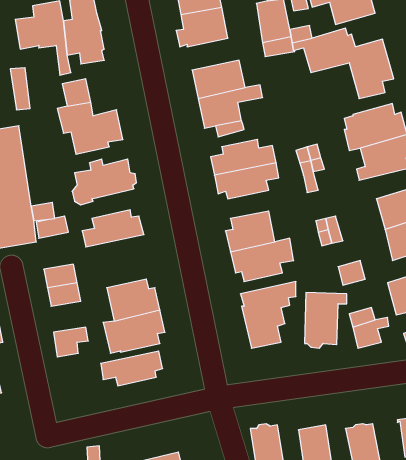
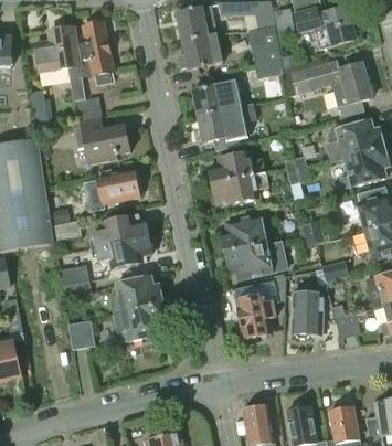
building: [101,351,163,386] -> [97,236,152,267]

